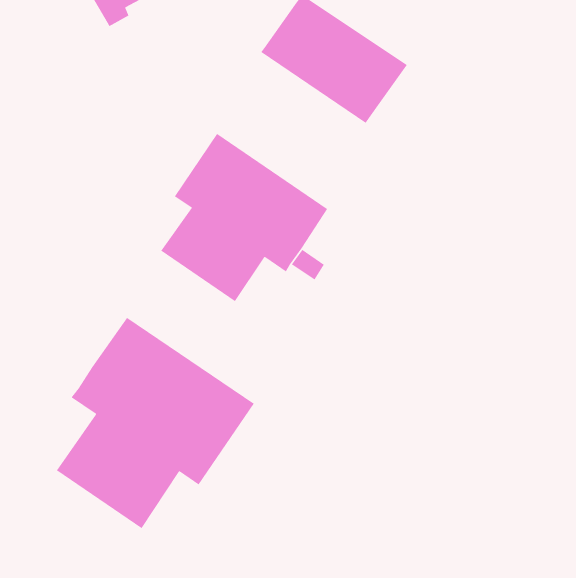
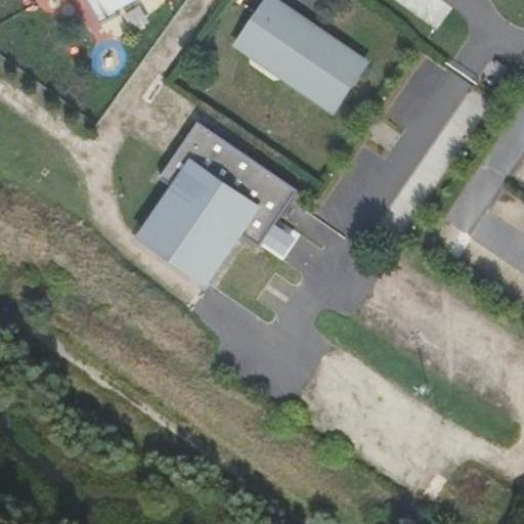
building: none -> [133,226,212,289]
building: [56,317,255,529] -> none

